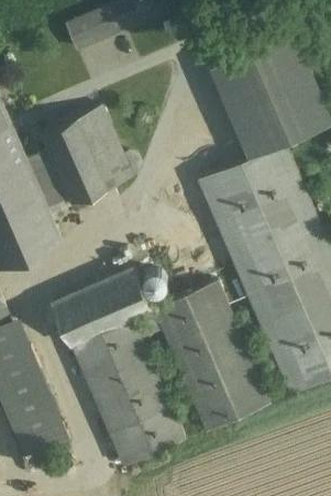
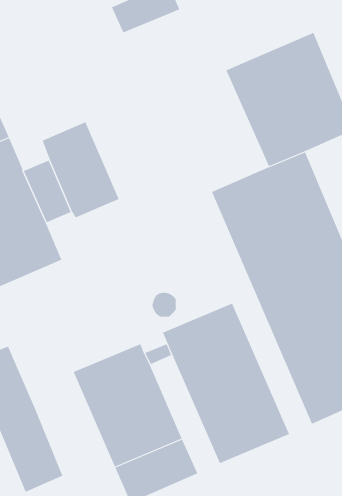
building: [66,9,117,51] -> none
building: [82,107,132,186] -> none
building: [51,268,152,345] -> none

